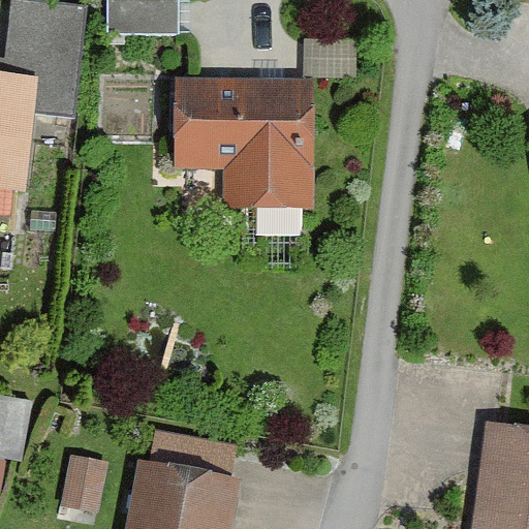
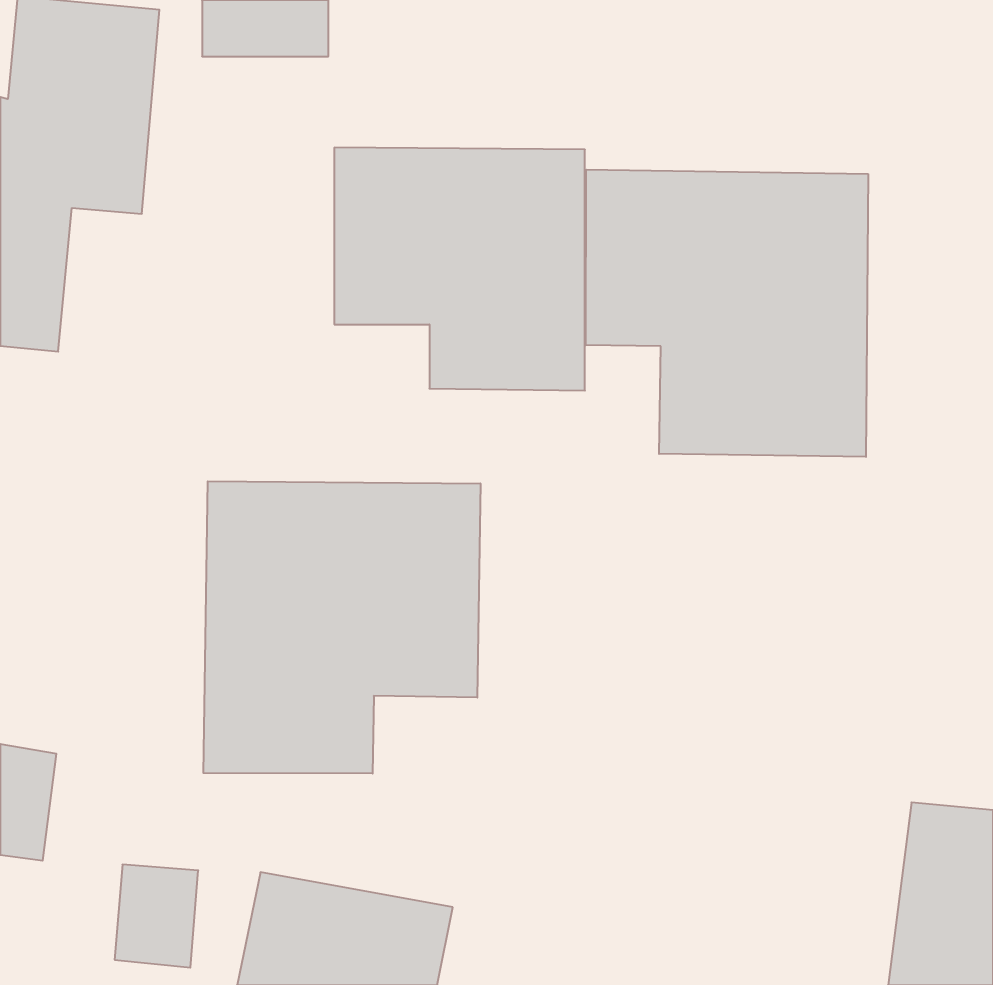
building: none -> [586,170,868,457]
building: none -> [203,481,480,774]

